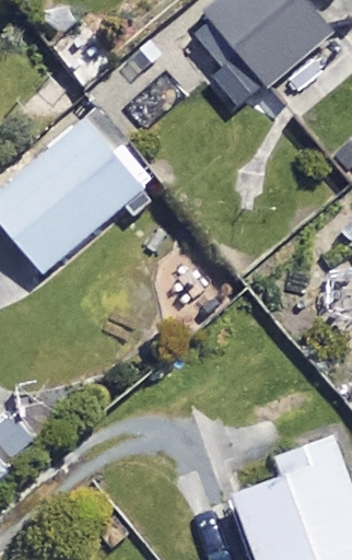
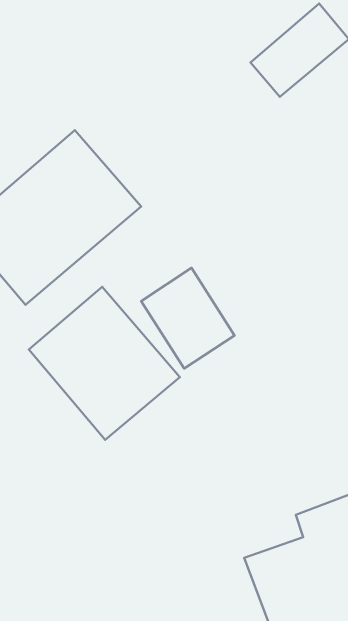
building: none -> [29,287,180,440]

